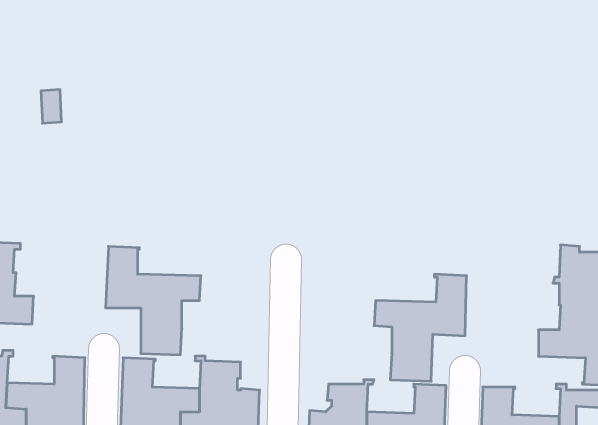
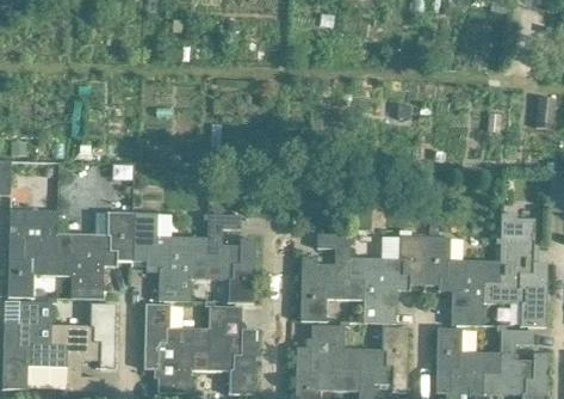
building: none -> [57,213,134,299]
building: none -> [193,214,256,303]
building: none -> [300,234,364,321]
building: none -> [423,237,501,325]

